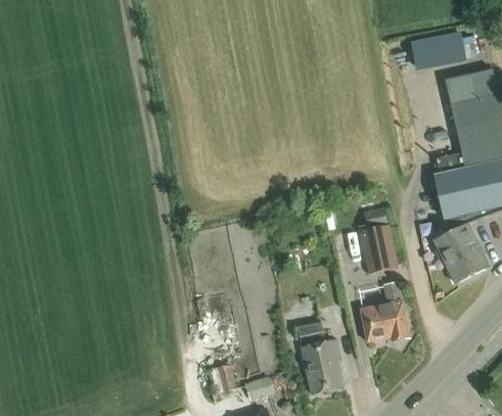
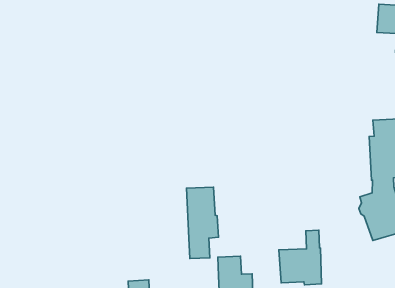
building: [360,223,399,273] -> none
building: none -> [187,187,218,259]

